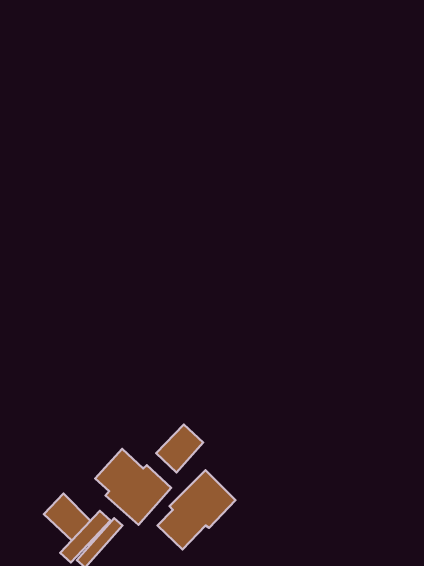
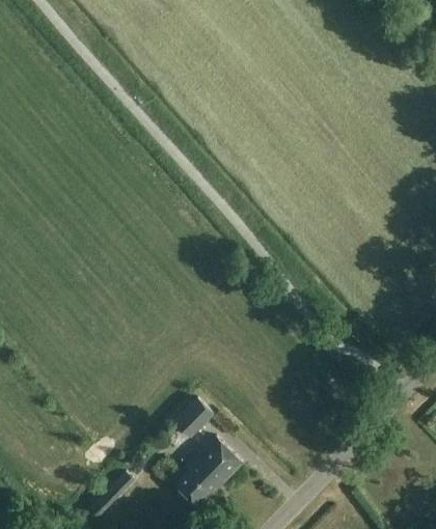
building: [95,449,171,525] -> none
building: [44,493,90,540] -> none

